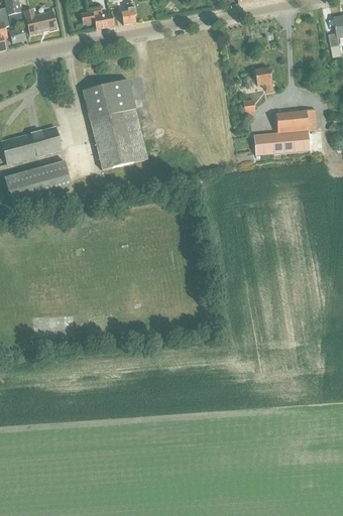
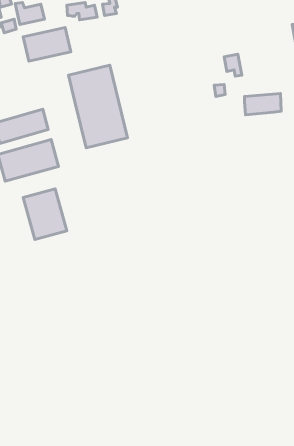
building: none -> [23,28,71,61]
building: [253,129,310,154] -> none
building: none -> [23,189,67,240]

